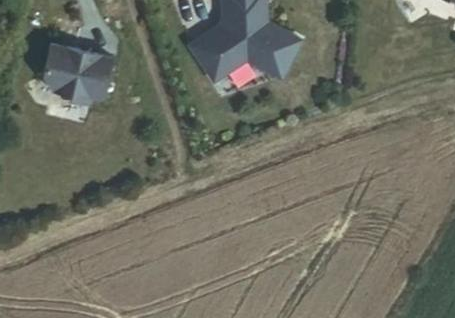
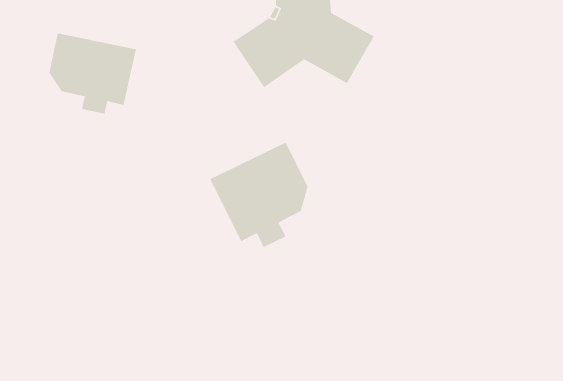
building: none -> [209,142,308,248]

